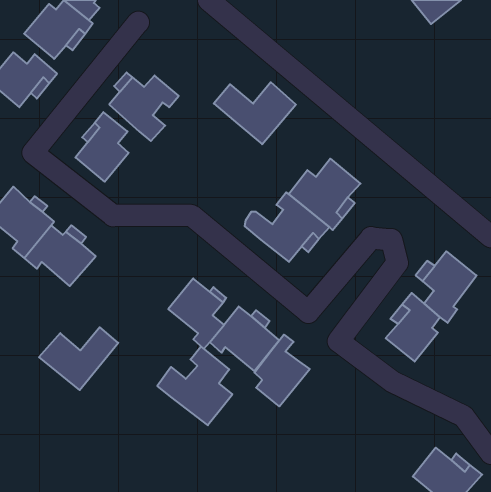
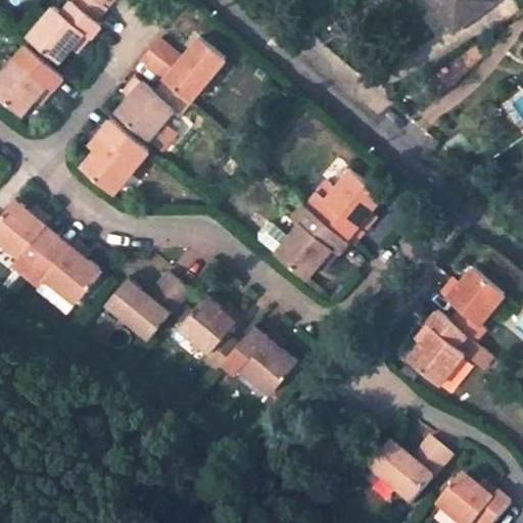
building: [214,82,296,144] -> [138,38,225,103]
building: [39,327,118,390] -> [104,273,188,339]
building: [254,335,310,406] -> none
building: [157,347,232,425] -> none
building: none -> [369,437,451,505]

